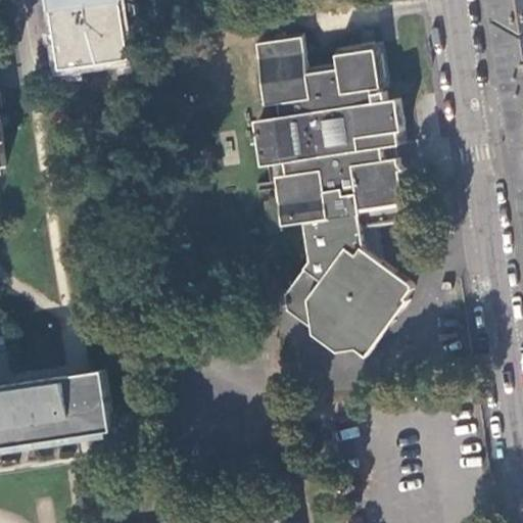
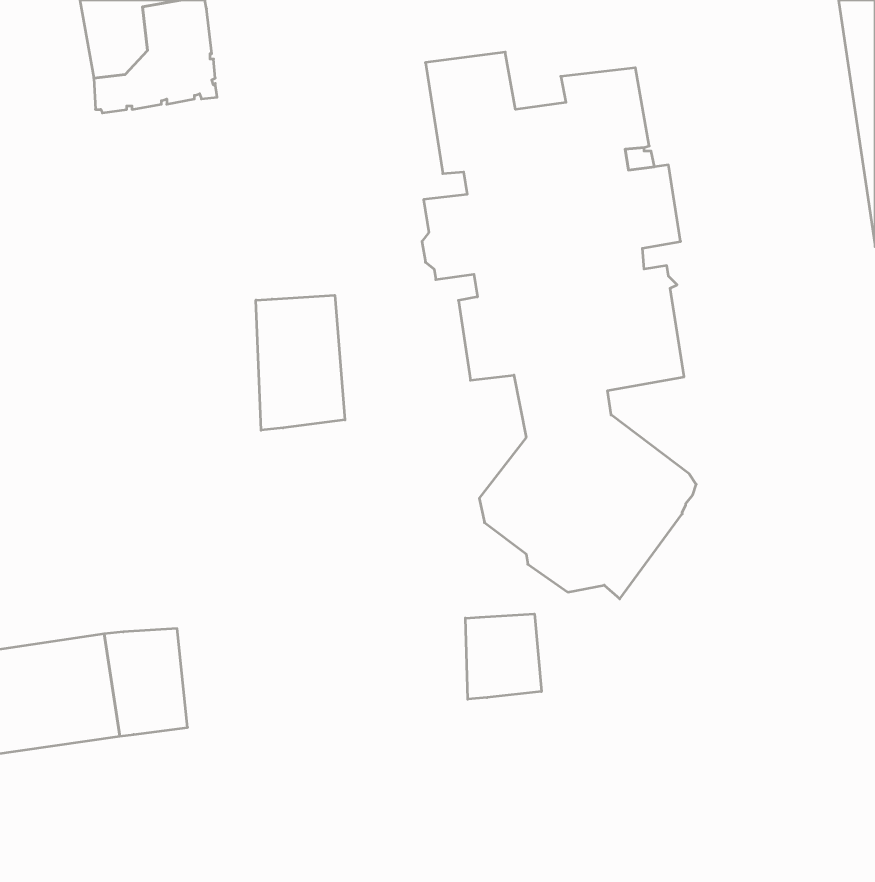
building: none -> [256,295,345,430]
building: none -> [465,614,541,699]

